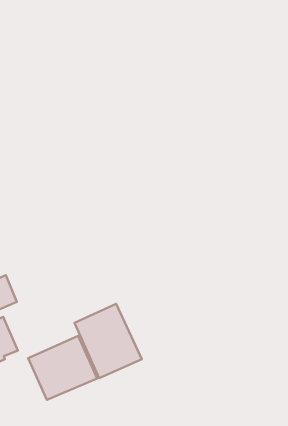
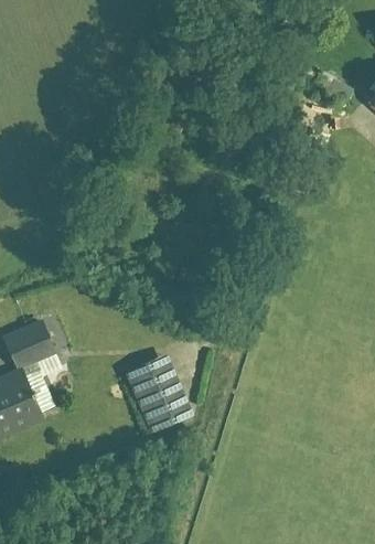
building: [28,336,97,400] -> none

